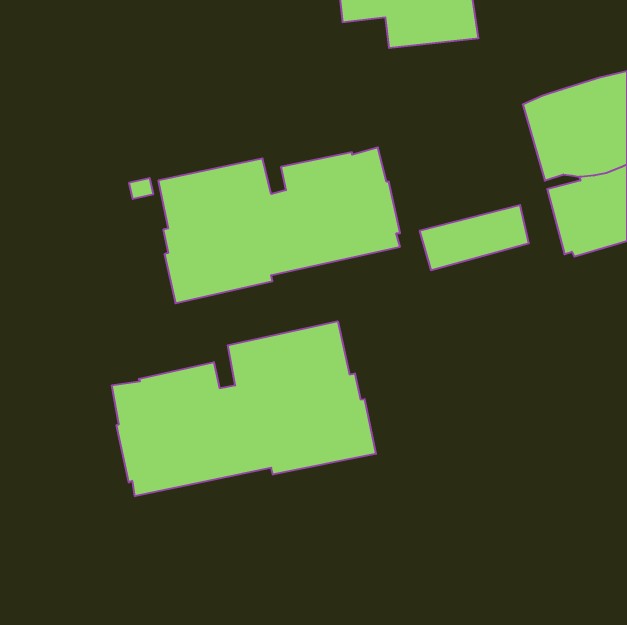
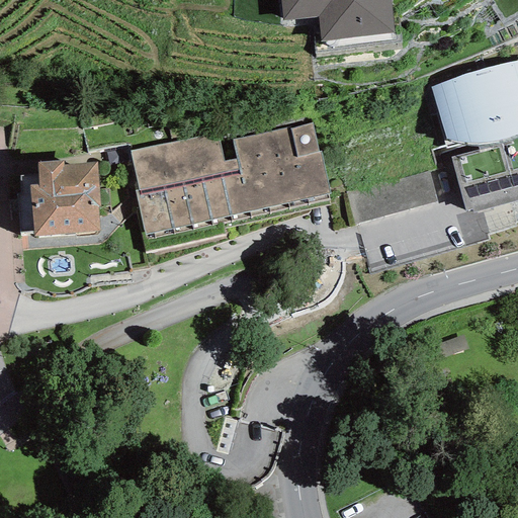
building: none -> [29,159,100,235]
building: [112,321,376,496] -> none

